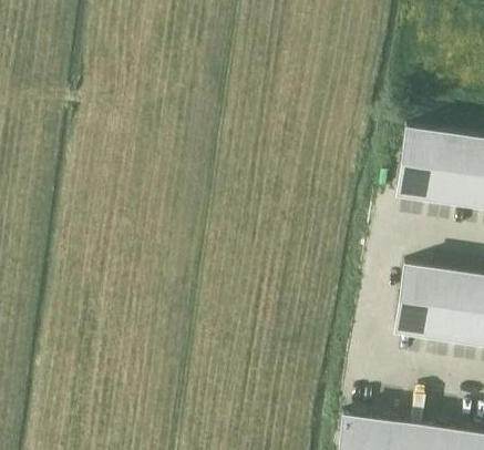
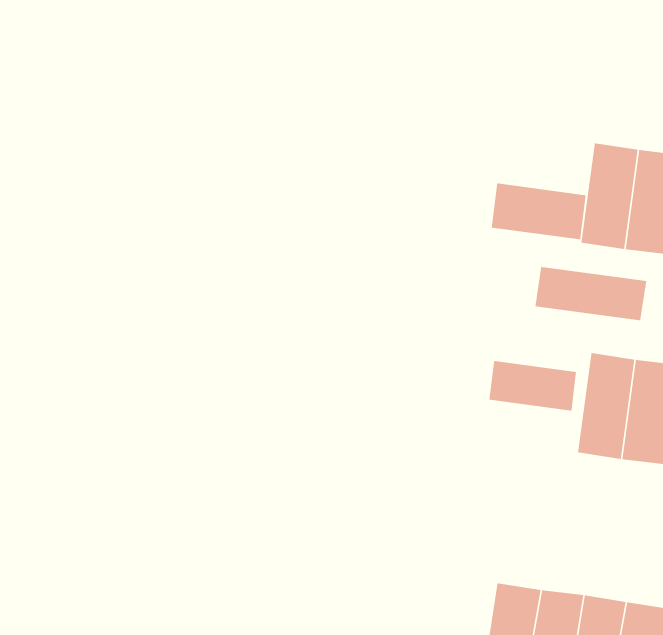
building: none -> [491,183,586,240]
building: none -> [534,266,647,321]
building: none -> [489,360,577,412]

